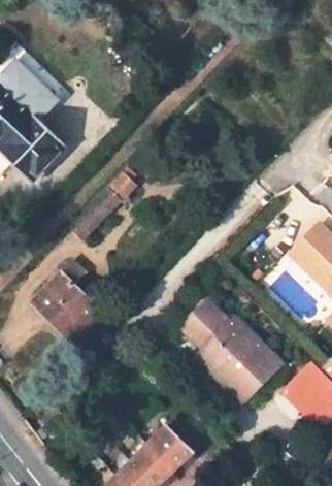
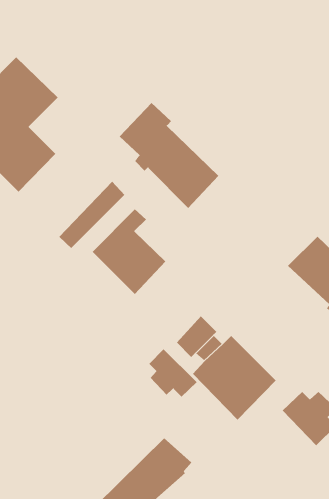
building: none -> [119,102,219,209]
building: [32,259,103,342] -> [92,209,166,295]
building: none -> [149,348,197,398]

